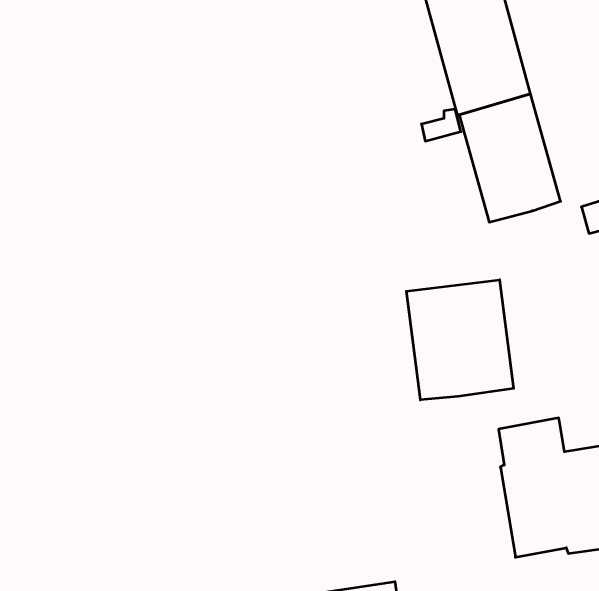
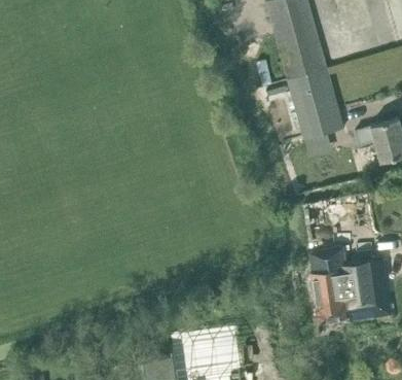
building: [406,280,514,400] -> none

